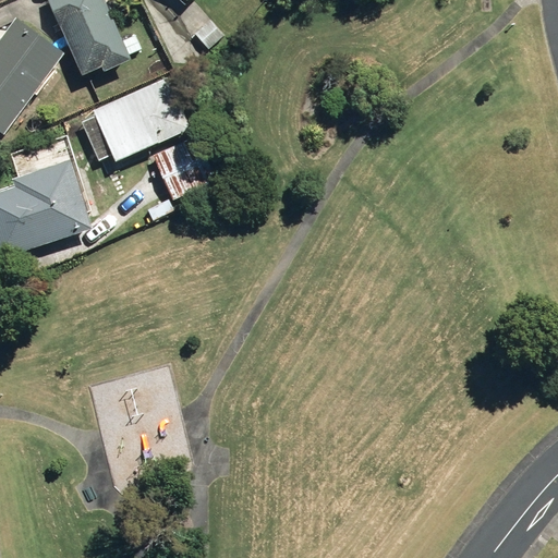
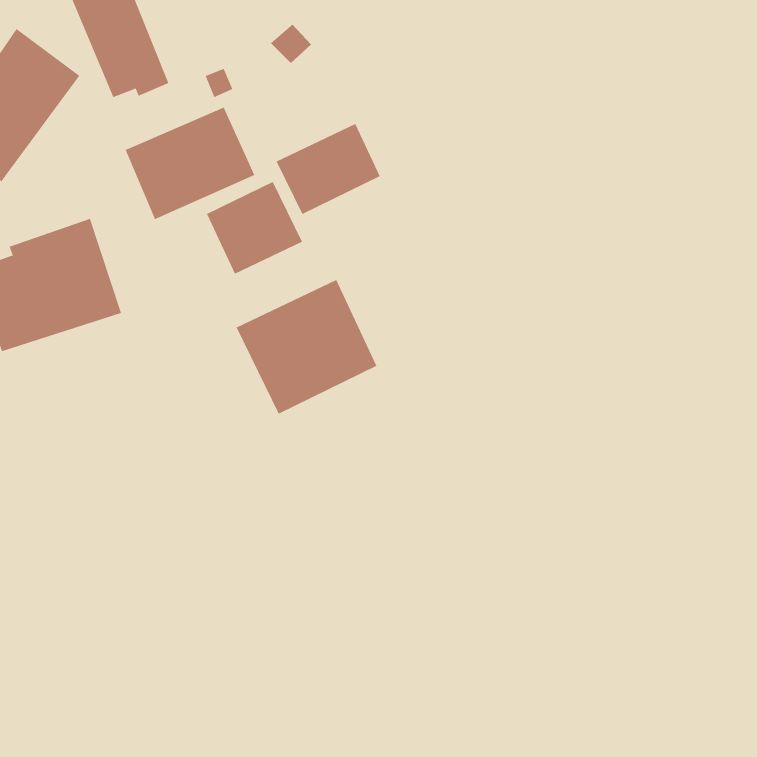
building: none -> [276,123,380,215]
building: none -> [236,279,377,414]

